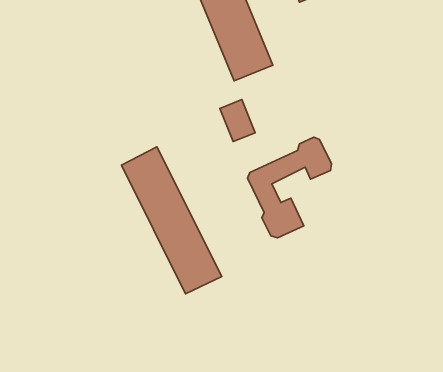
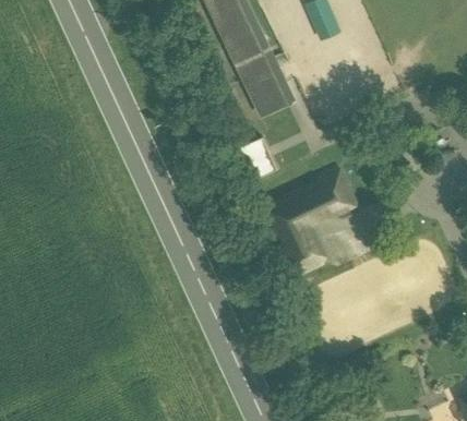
building: [121,147,222,294] -> none

